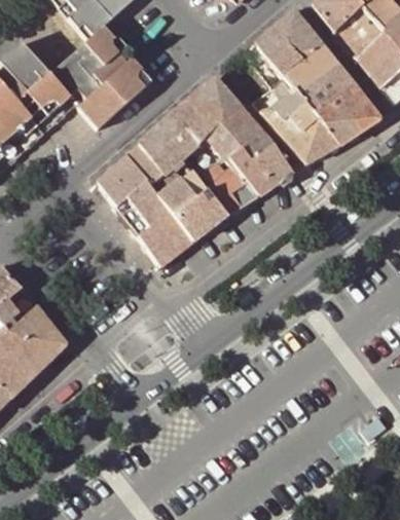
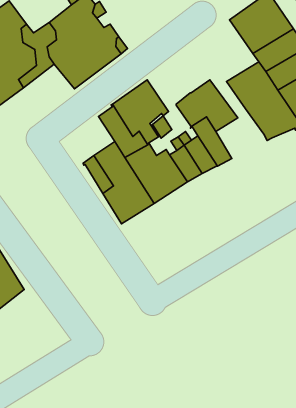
building: [175,77,241,143] -> none
building: [252,143,294,186] -> none
building: [99,155,147,206] -> none

